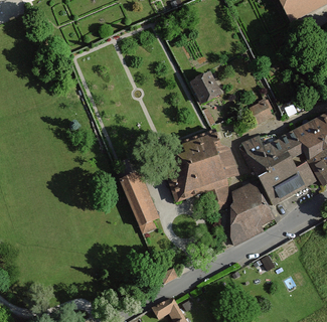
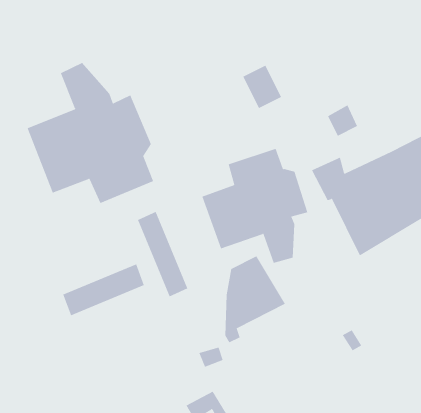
building: none -> [27,62,154,204]
building: [231,183,274,244] -> [225,256,286,343]
building: none -> [62,264,145,316]

